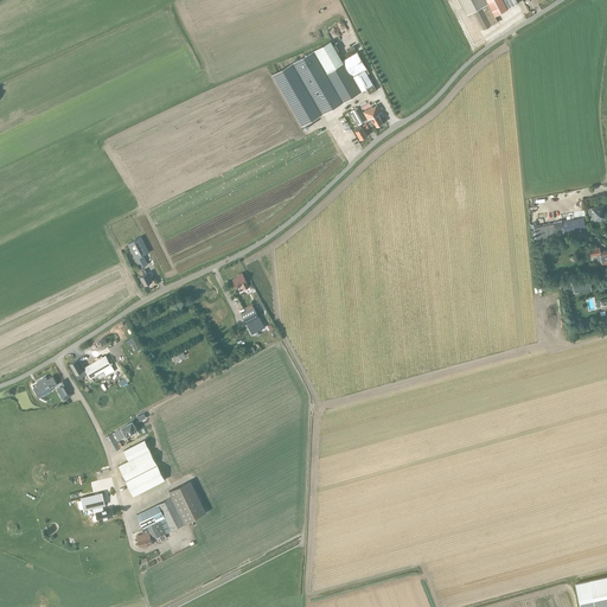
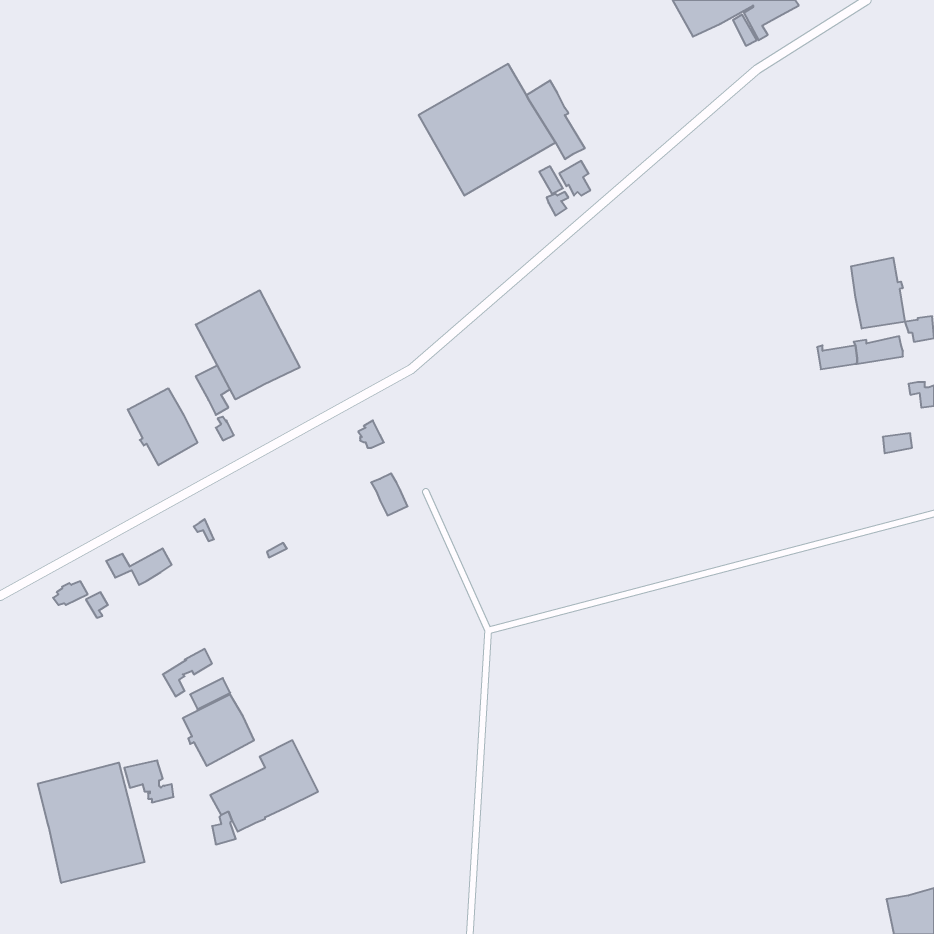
building: none -> [851,258,905,329]
building: none -> [196,290,300,399]
building: none -> [128,388,197,465]
building: none -> [38,763,145,883]

